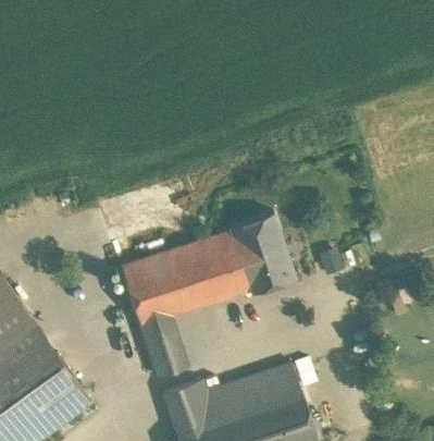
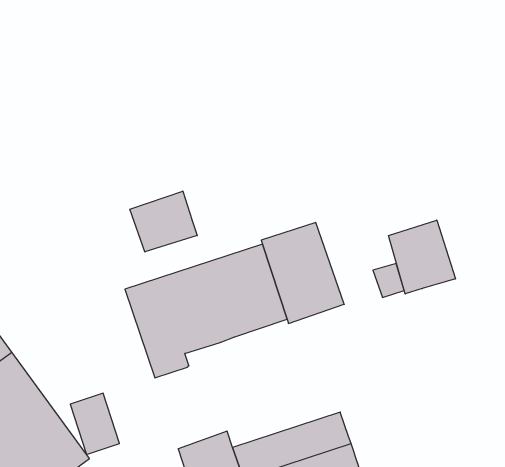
building: none -> [130,191,197,252]
building: none -> [389,220,455,294]
building: [145,329,184,378] -> [70,393,119,455]

